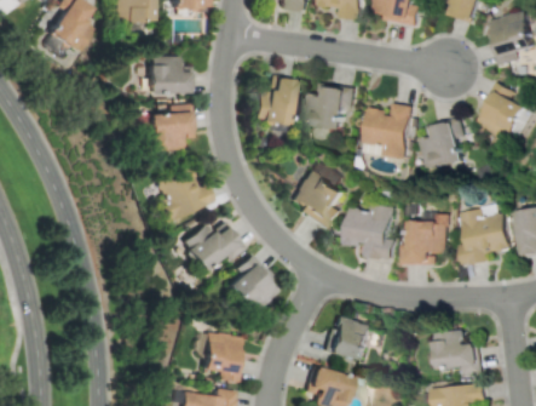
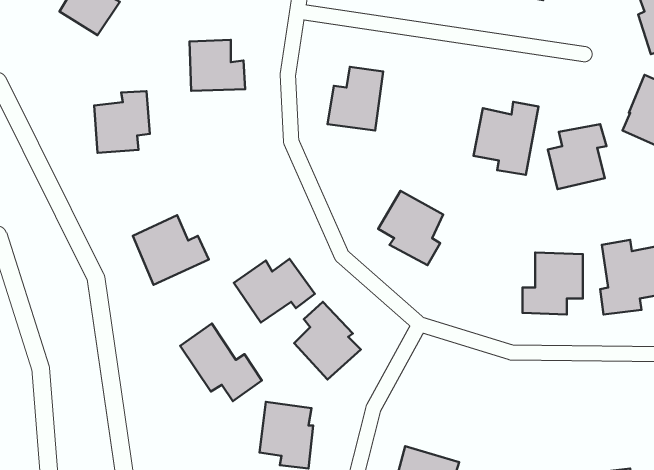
building: [304,85,355,128] -> none
building: [148,104,190,151] -> [94,91,150,153]
building: [155,167,213,221] -> [133,215,209,285]
building: [344,204,393,261] -> none
building: none -> [180,324,262,401]
building: [323,316,369,362] -> none
building: [436,330,480,376] -> none

